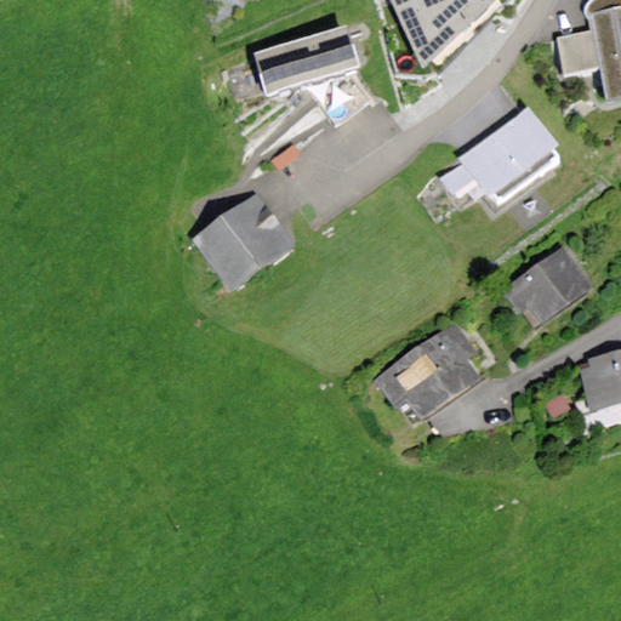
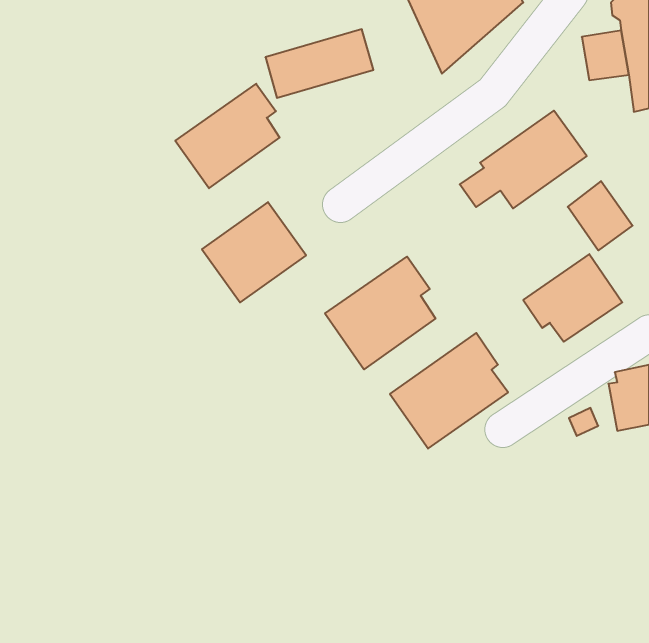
building: none -> [175,84,280,188]
building: none -> [568,181,633,250]
building: none -> [325,257,435,369]

